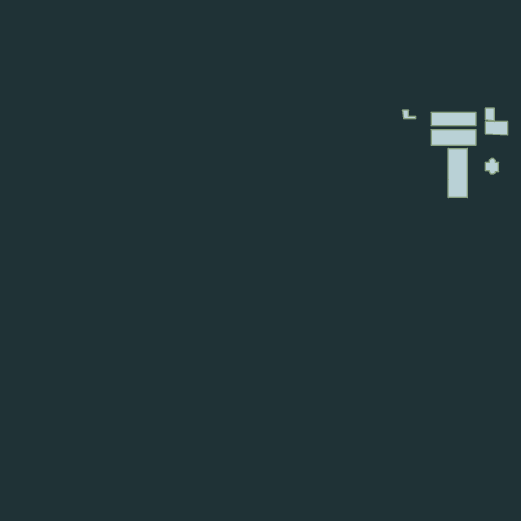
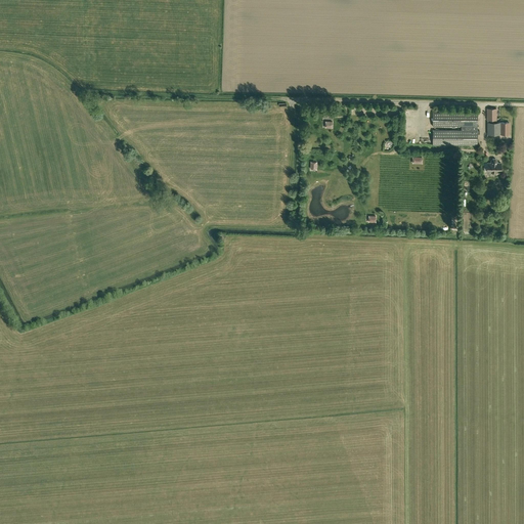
building: [448,148,467,198] -> none

